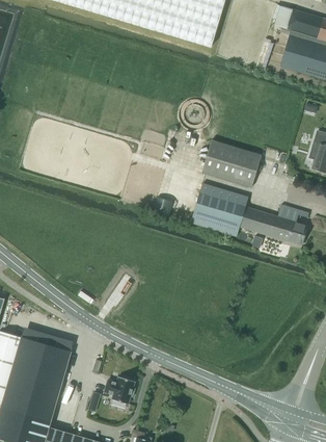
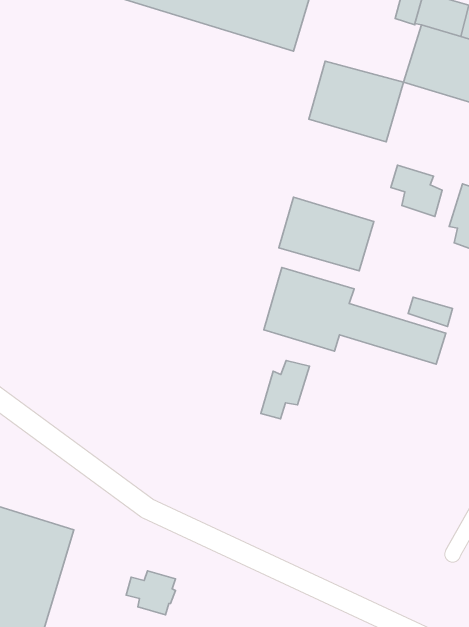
building: none -> [309,61,403,142]
building: none -> [391,165,442,217]
building: none -> [261,360,310,419]

